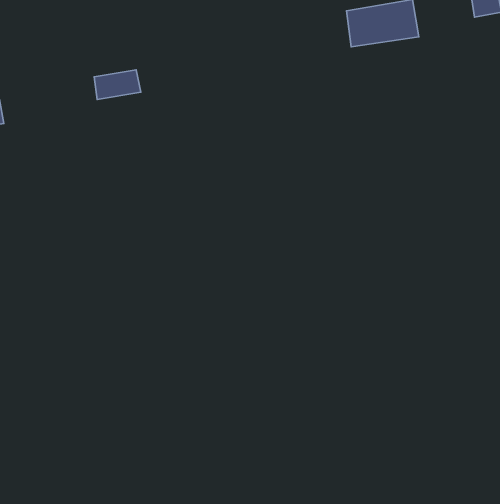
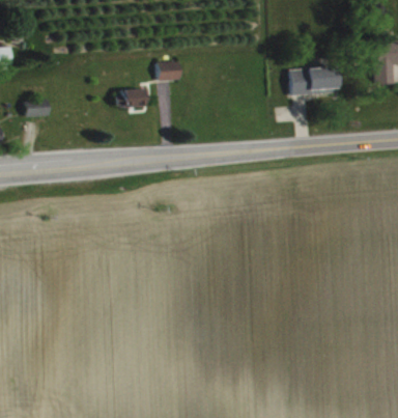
building: none -> [159,61,180,81]

